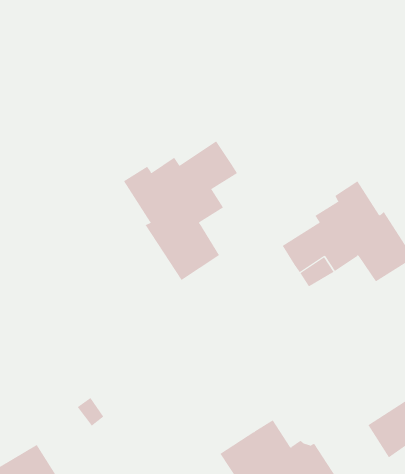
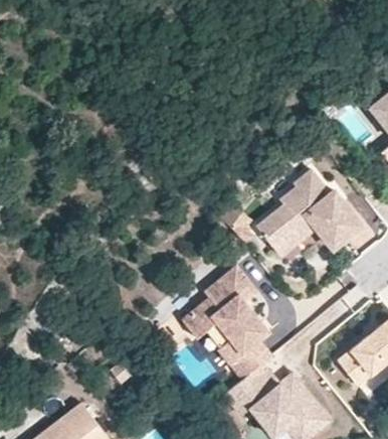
building: [123,140,238,281] -> none
building: none -> [182,266,272,375]

